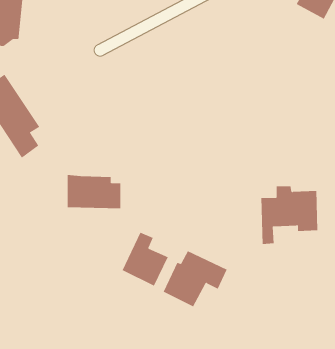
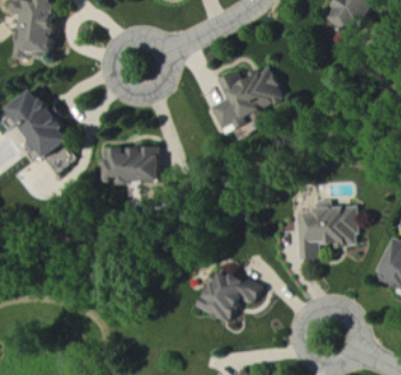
building: none -> [210,67,285,133]
building: [67,175,121,209] -> [104,147,159,182]
building: [122,232,169,287] -> none

